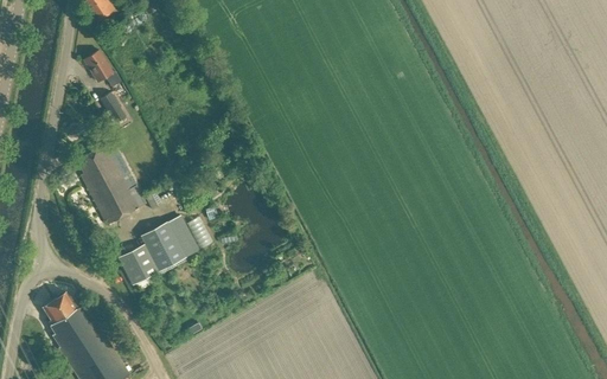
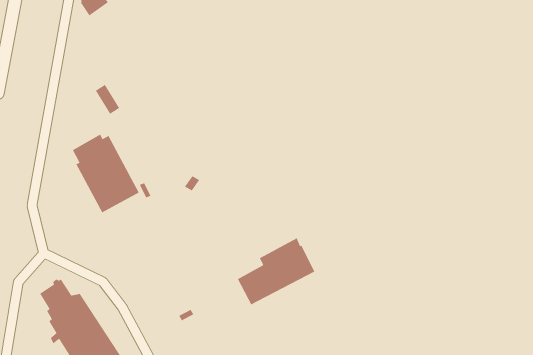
building: [83,50,121,86] -> none
building: [117,216,198,285] -> [237,237,316,306]

